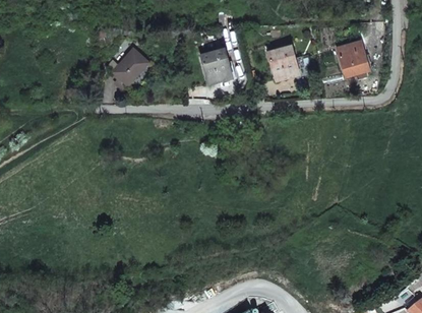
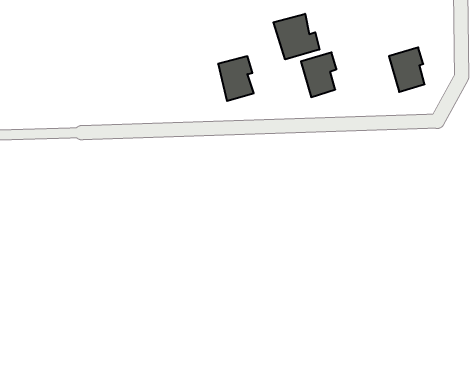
building: none -> [273,14,319,59]
building: [113,48,148,84] -> none

